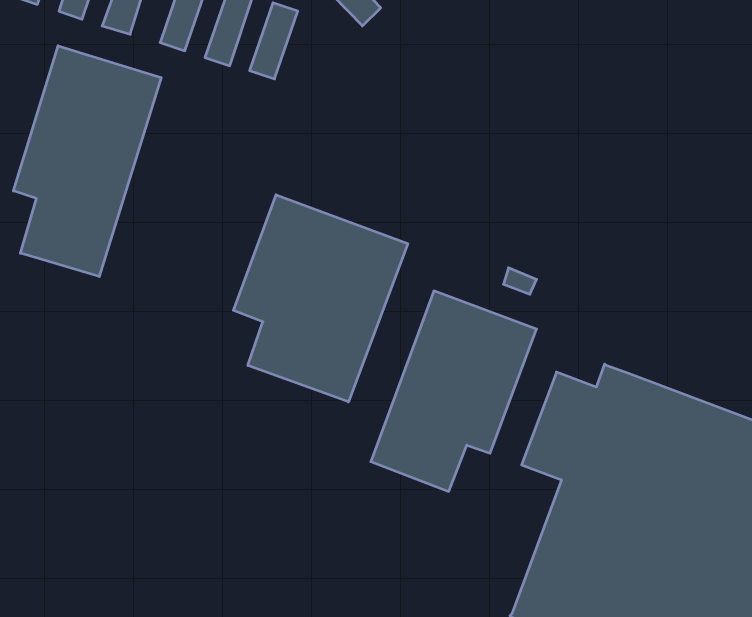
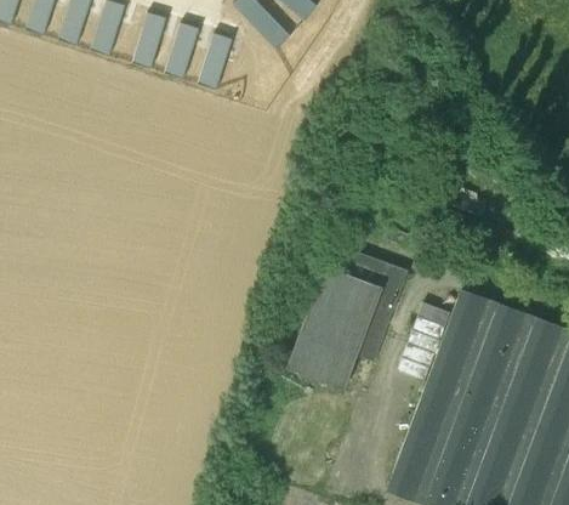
building: [13,46,161,277] -> none
building: [233,195,408,402] -> none

